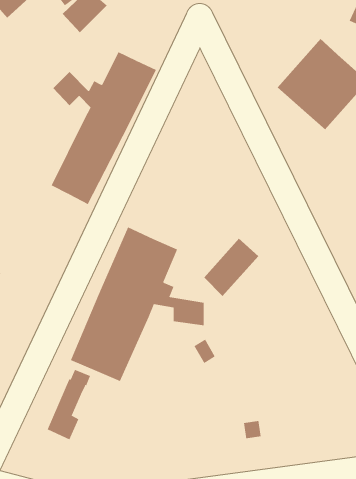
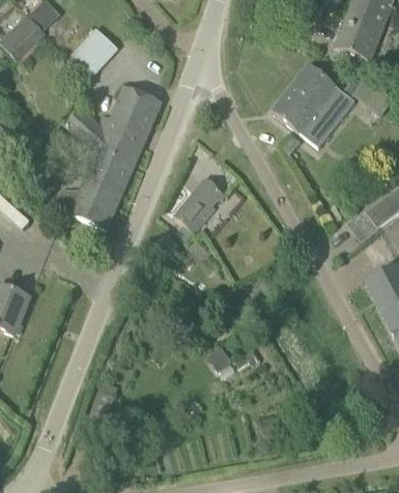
building: [70,226,204,382] -> none
building: [203,238,259,297] -> [176,178,226,233]

